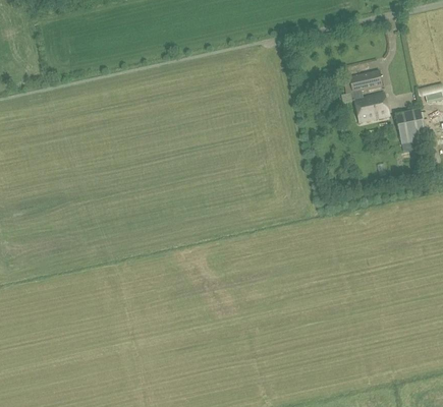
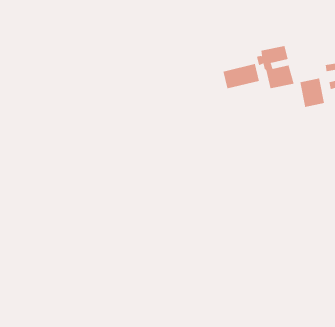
building: none -> [223,63,259,89]

